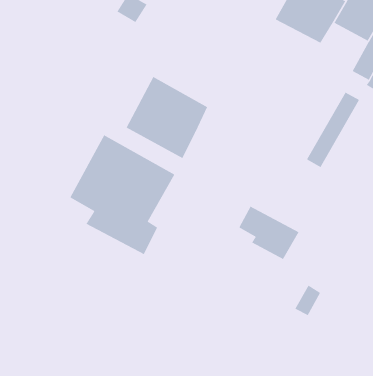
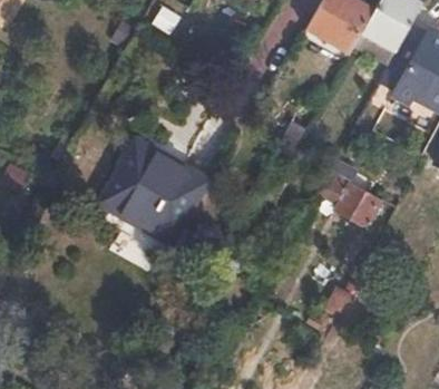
building: [126,76,208,159] -> none
building: [239,206,300,260] -> [321,171,380,223]

